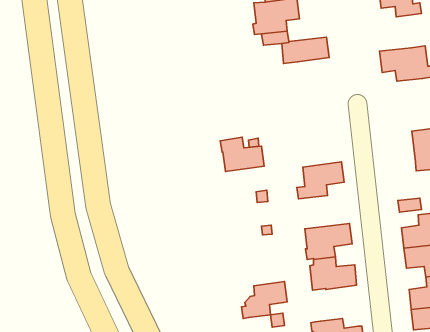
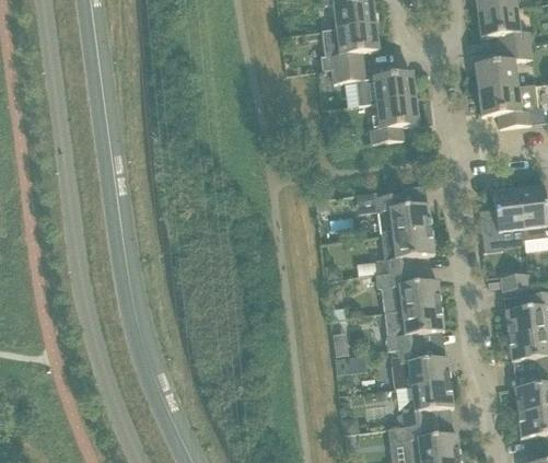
building: none -> [475,43,532,90]
building: none -> [370,97,418,143]
building: none -> [481,185,523,251]
building: [220,137,264,172] -> [376,192,431,234]
building: none -> [375,269,441,311]
building: [241,282,287,318] -> [396,381,453,427]

